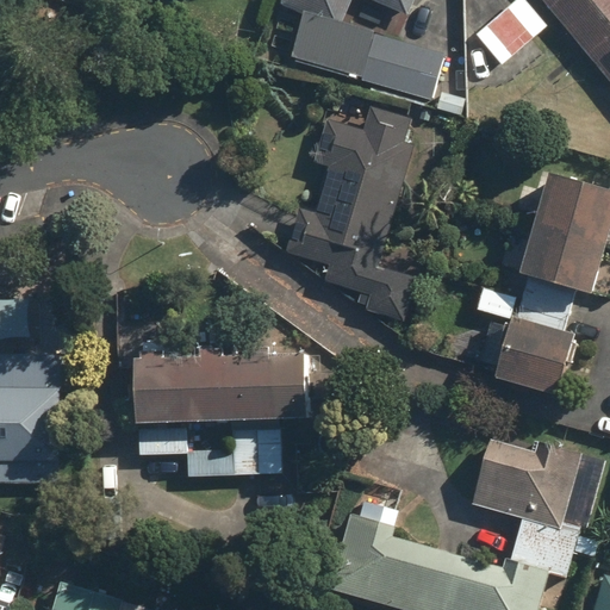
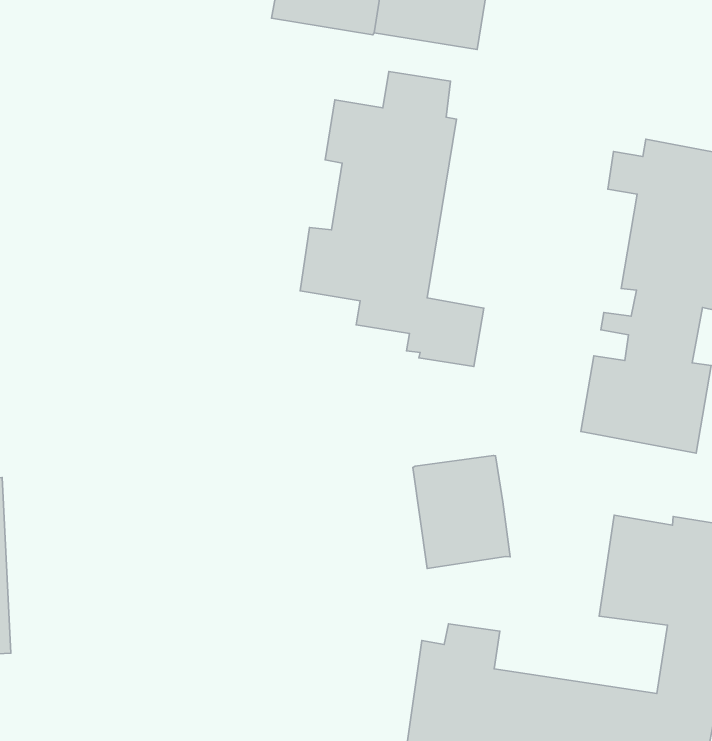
building: [130,350,303,475] -> none
building: none -> [413,456,510,569]

